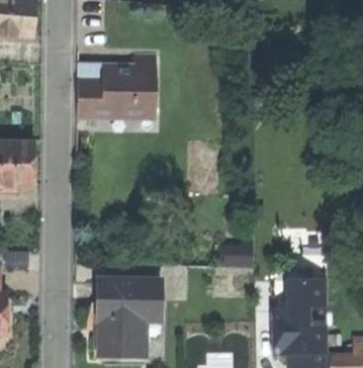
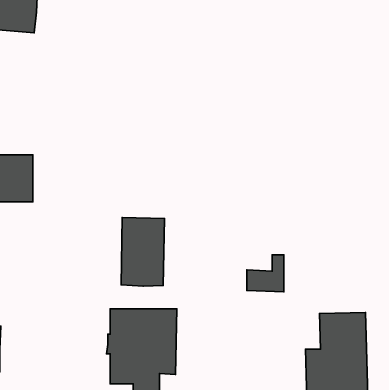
building: [78,53,156,112] -> none
building: none -> [121,218,164,286]

